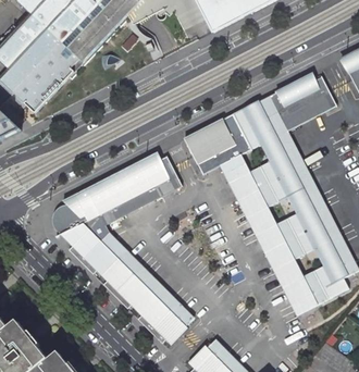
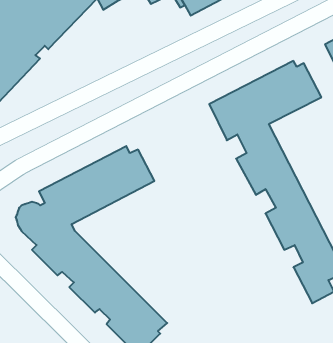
building: [184,113,329,315] -> none

